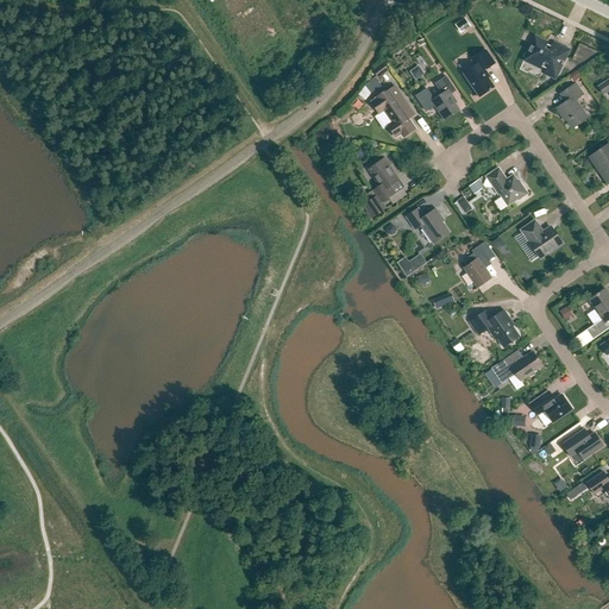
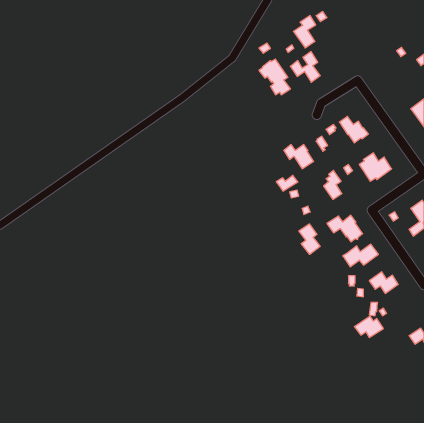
building: [525,36,569,77] -> none
building: [463,49,495,95] -> [293,16,316,48]
building: [557,84,588,127] -> none
building: [364,157,398,216] -> none
building: none -> [299,224,320,254]
building: [561,427,603,458] -> [354,316,383,338]

